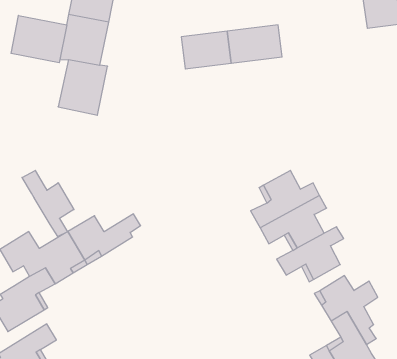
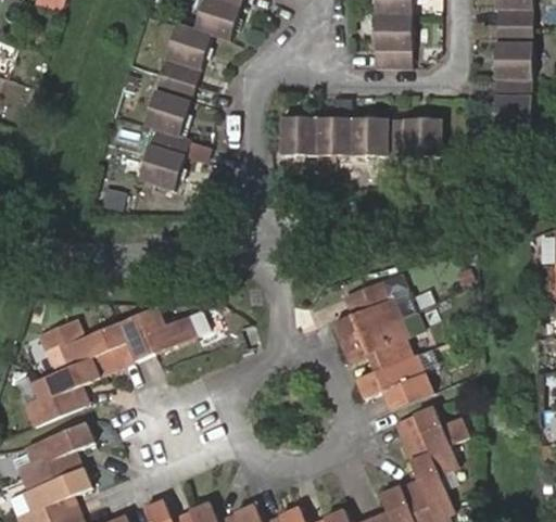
building: [11,15,67,63] -> none
building: none -> [391,116,440,153]
building: [22,170,74,237] -> none

